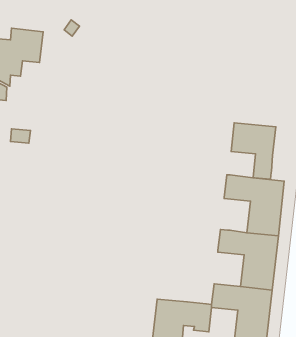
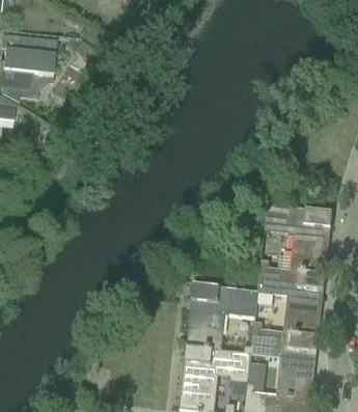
building: [231,123,276,179] -> none
building: none -> [187,282,256,349]

